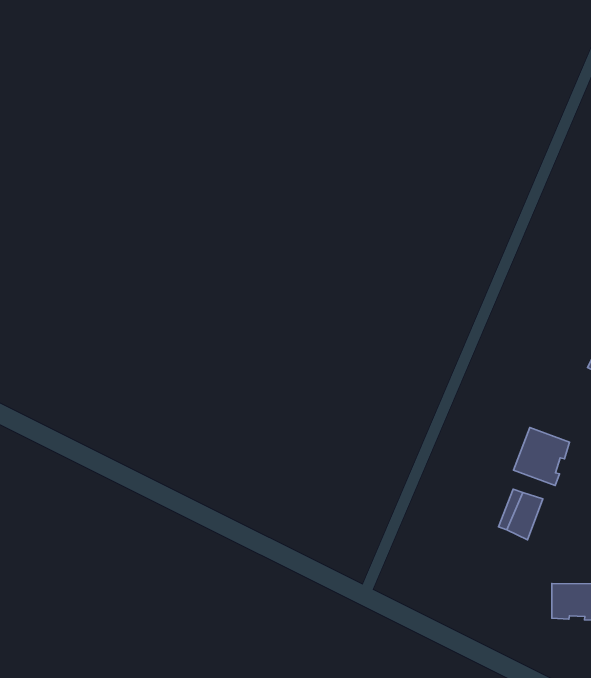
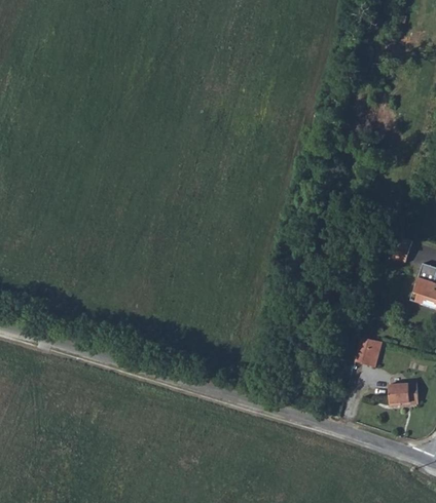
building: [513,427,570,486] -> none

